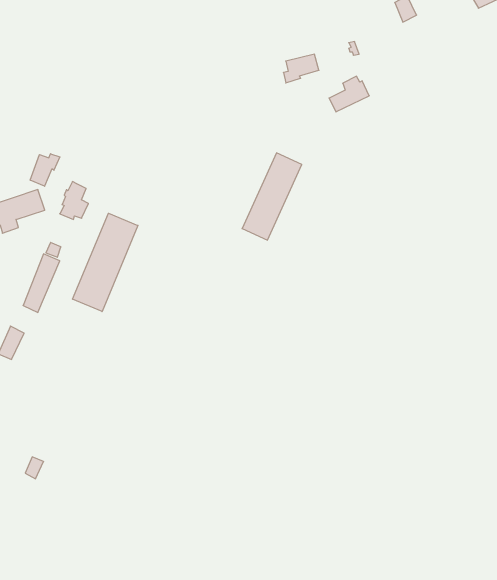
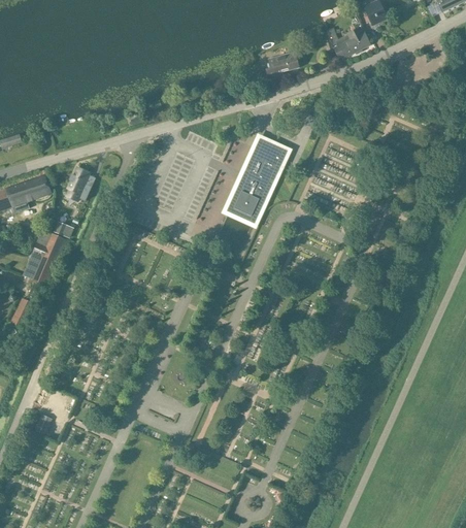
building: [329,76,369,112] -> [335,26,371,58]
building: [30,154,60,186] -> none
building: [73,213,138,312] -> none

